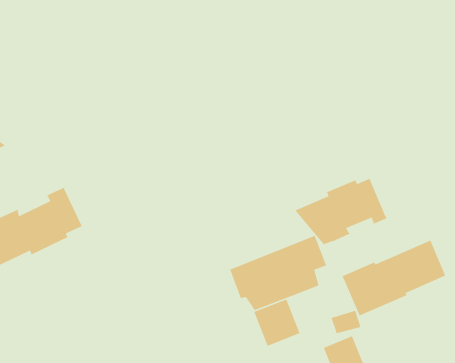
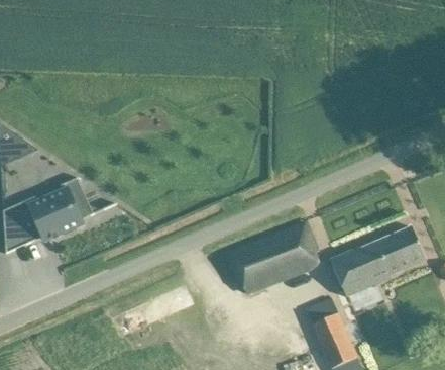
building: [294,177,388,245] -> none
building: [253,298,301,347] -> none

